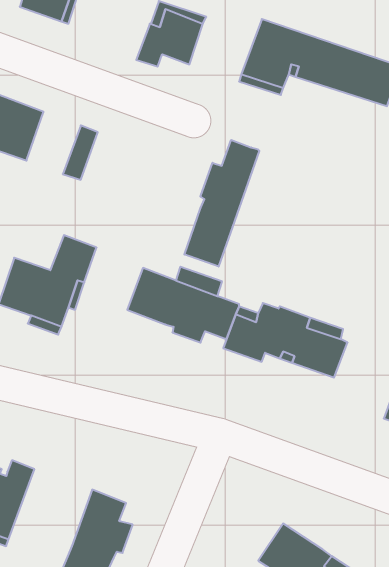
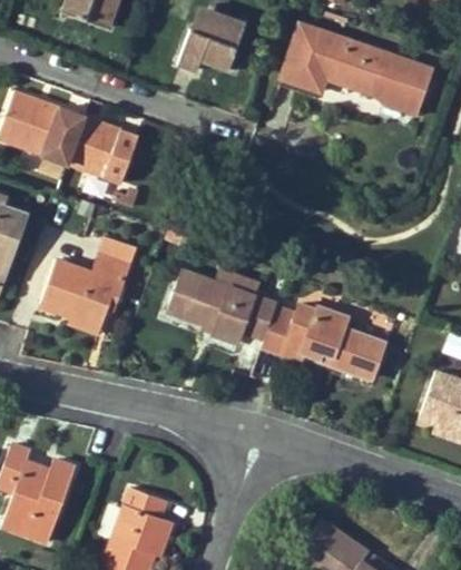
building: none -> [68,116,121,177]
building: [184,140,259,267] -> none

